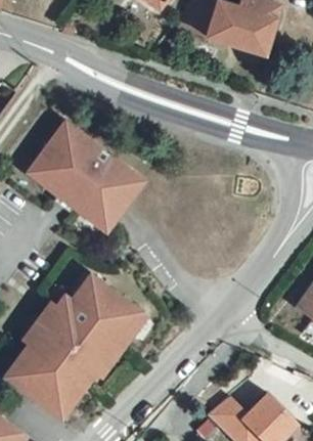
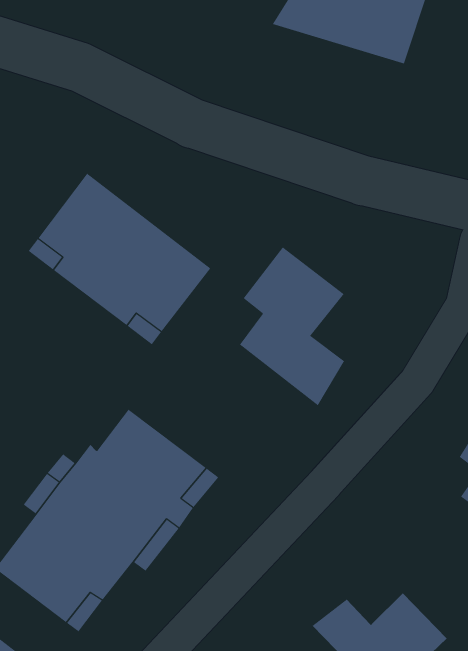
building: none -> [239,246,345,406]

